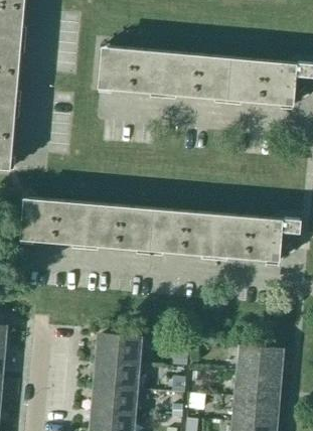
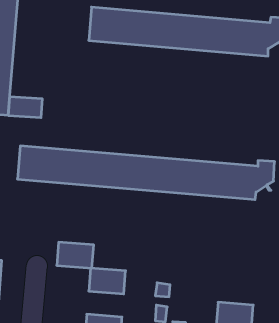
building: none -> [9,97,42,118]
building: [239,345,279,374] -> none
building: [96,358,136,387] -> [57,242,94,268]

